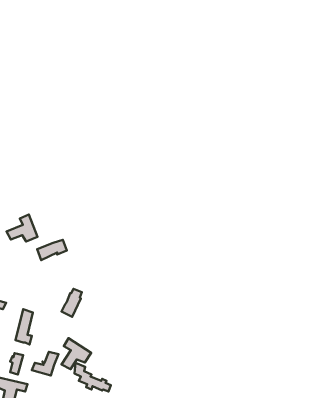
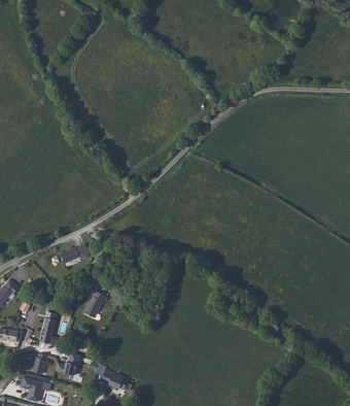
building: [7,215,38,241] -> none
building: [62,338,91,369] -> none

